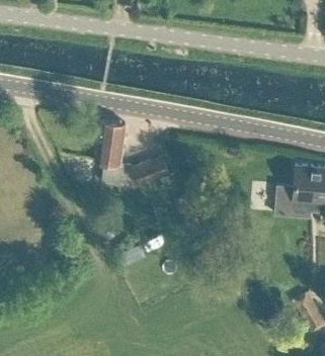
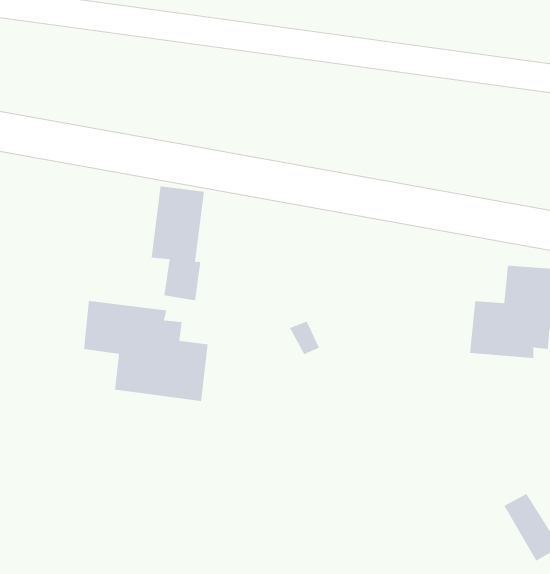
building: [132,157,168,186] -> none
building: none -> [84,300,208,402]

